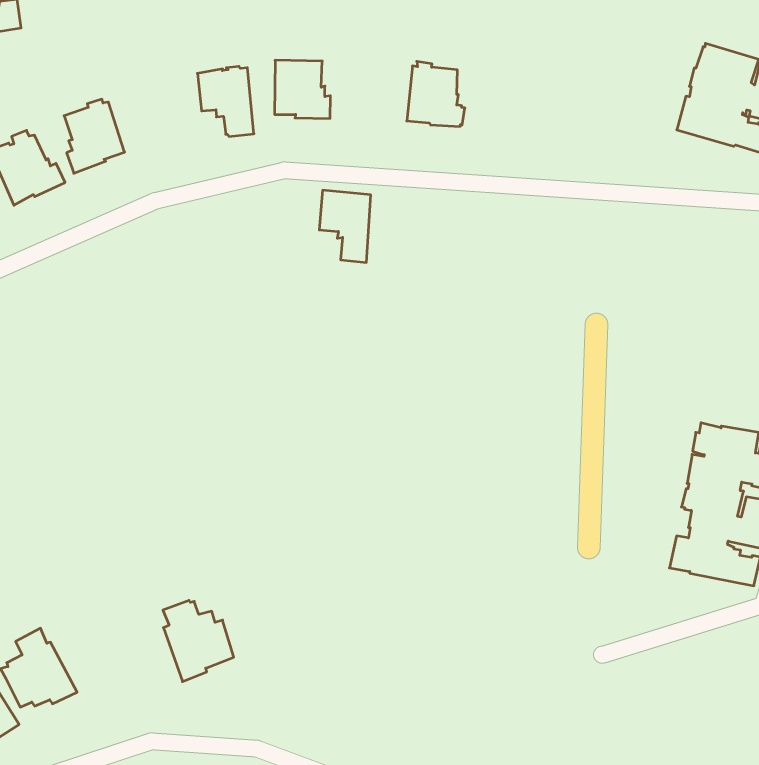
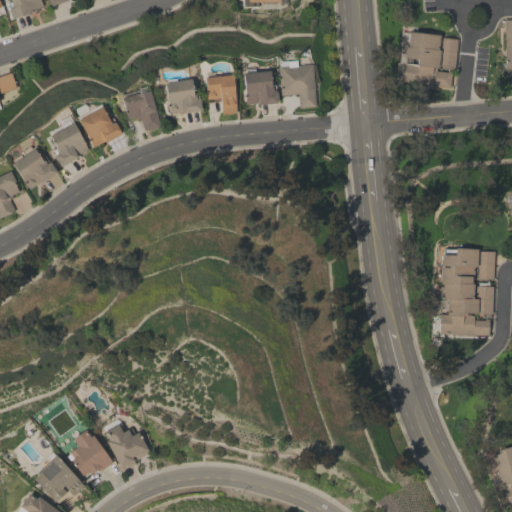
building: none -> [279,59,317,108]
building: none -> [80,106,123,147]
building: [319,190,371,262] -> [206,74,238,114]
building: [163,600,234,682] -> [105,424,150,471]

